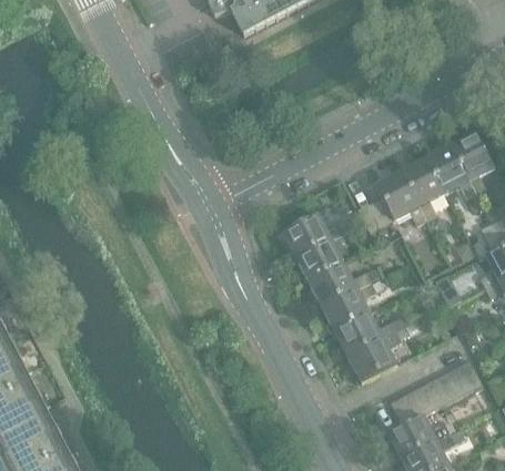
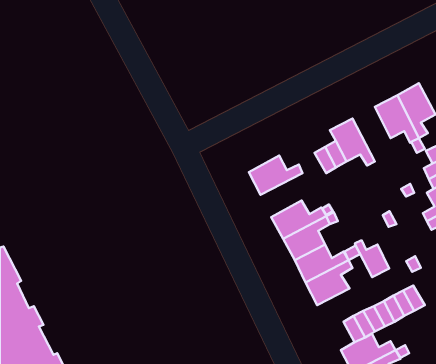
building: [401,157,444,219] -> none
building: [296,233,349,283] -> none
building: none -> [355,240,389,277]

